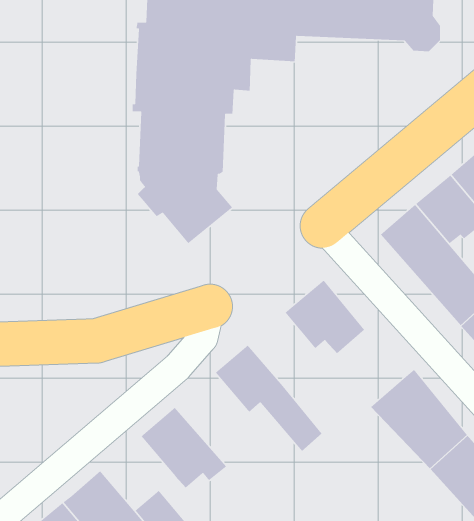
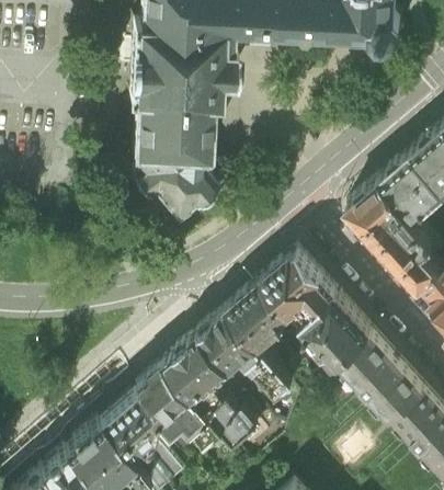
building: none -> [231,284,292,350]
building: none -> [305,299,373,372]
building: none -> [166,338,261,453]
building: none -> [99,395,166,461]

